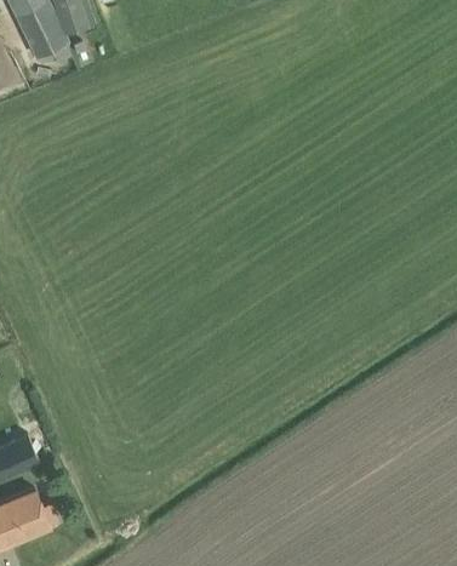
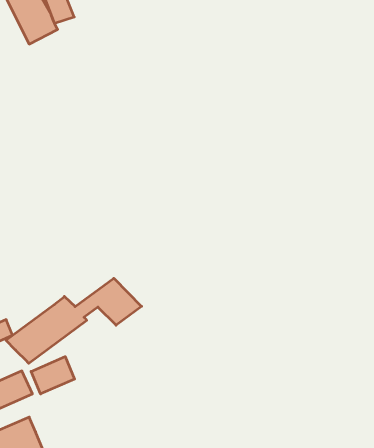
building: none -> [6,278,142,363]
building: none -> [31,357,75,394]

